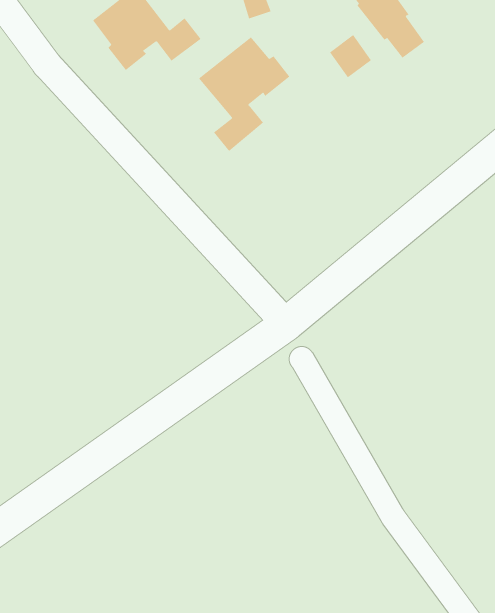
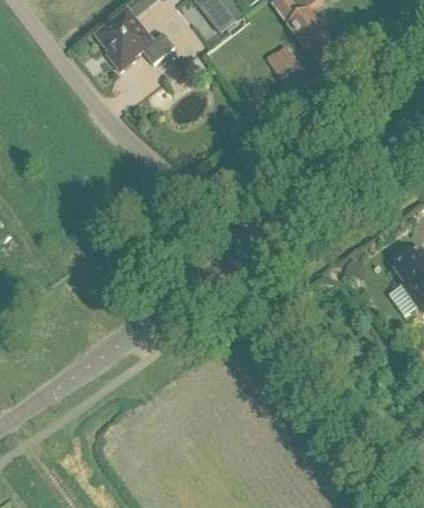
building: [198,37,290,152] -> none

